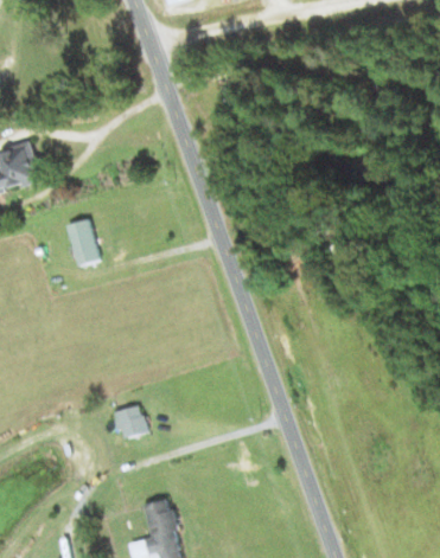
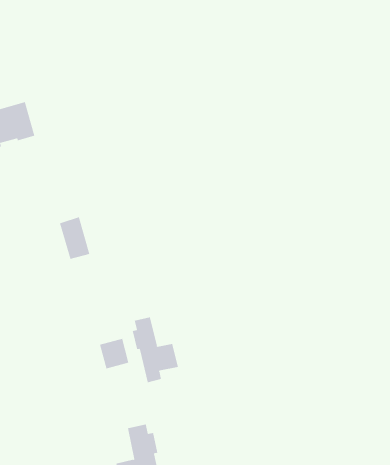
building: [65,218,100,265] -> [59,217,90,259]
building: none -> [132,317,179,383]

